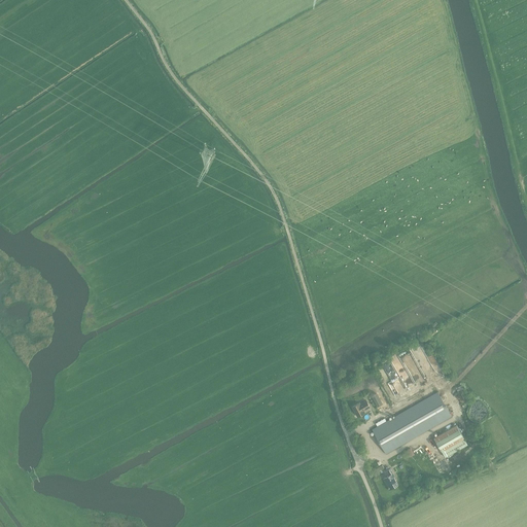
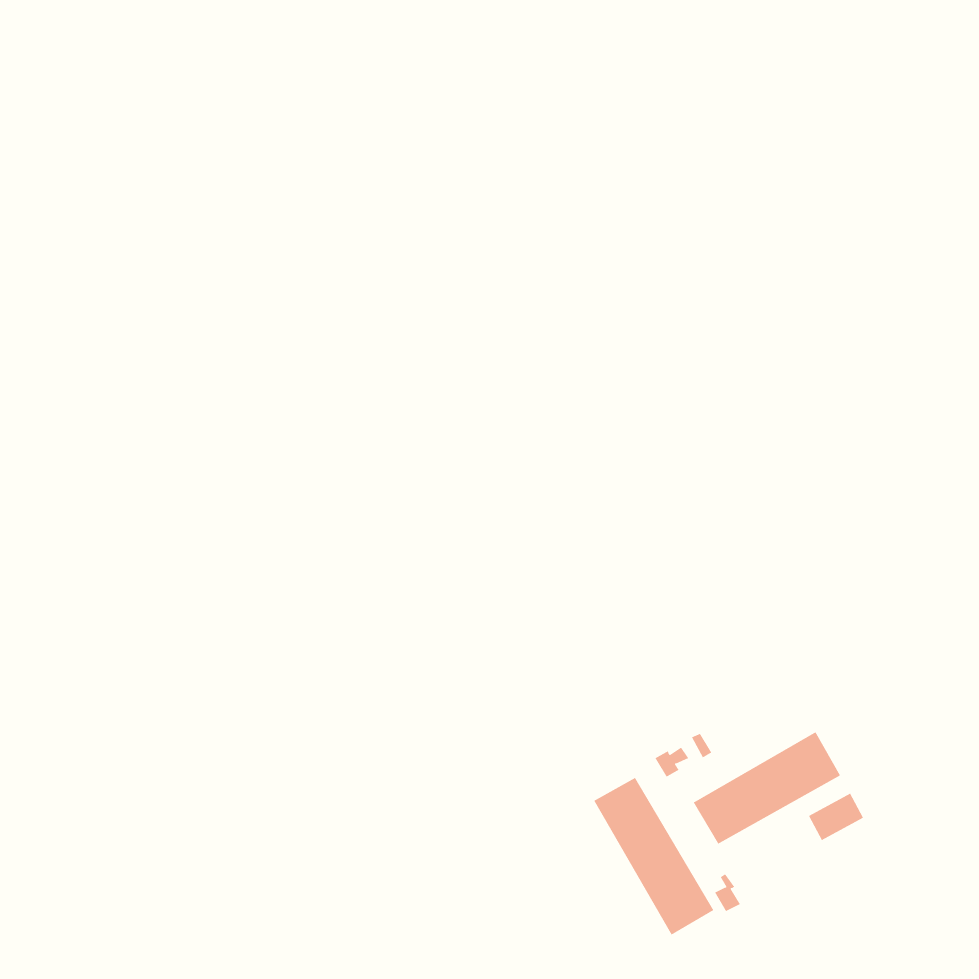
building: none -> [593,777,714,936]

